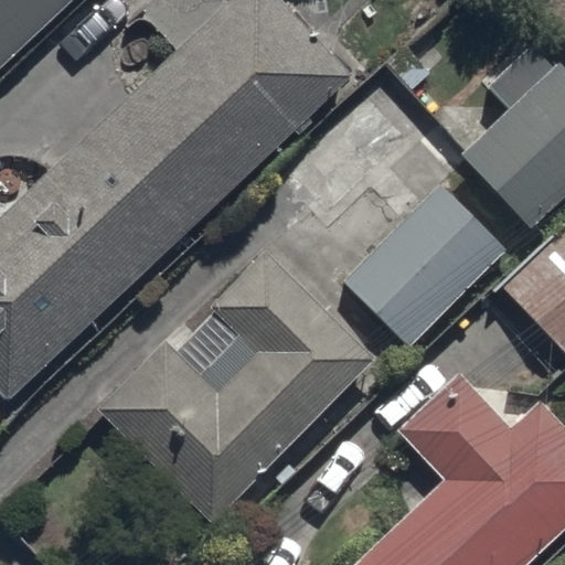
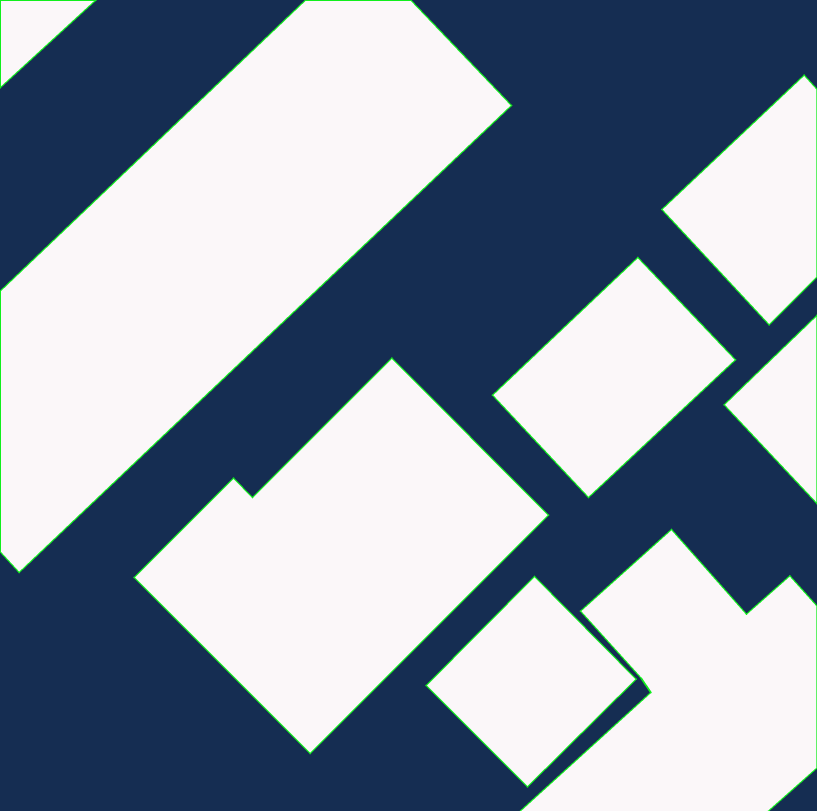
building: none -> [426,577,636,787]

